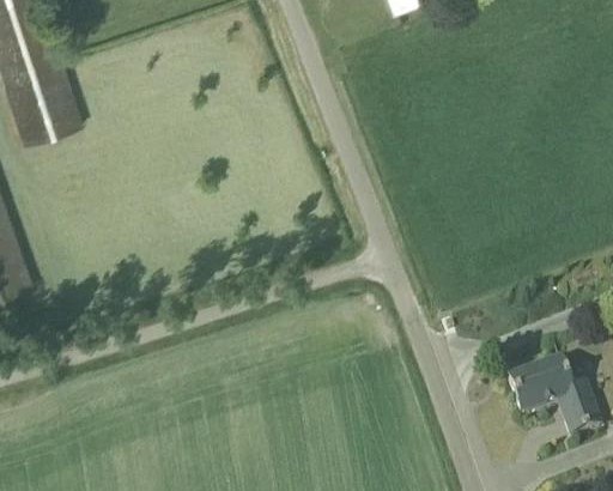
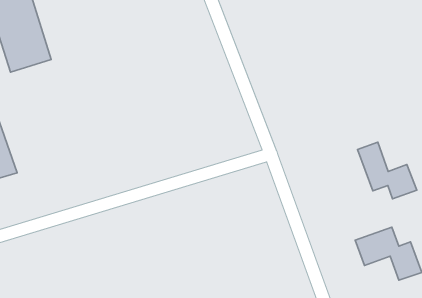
building: none -> [358,142,417,199]

